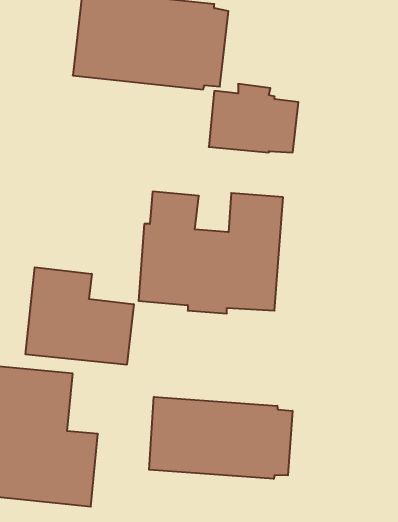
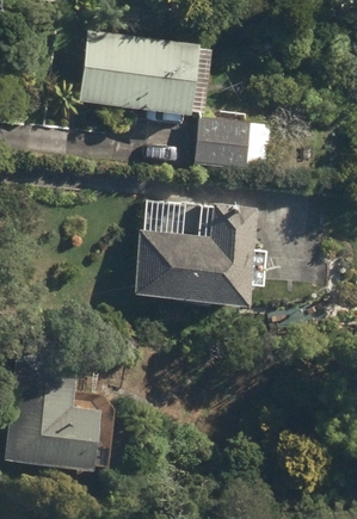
building: [26,267,134,365] -> none
building: [149,397,292,479] -> none

